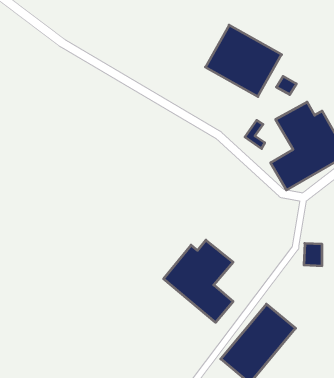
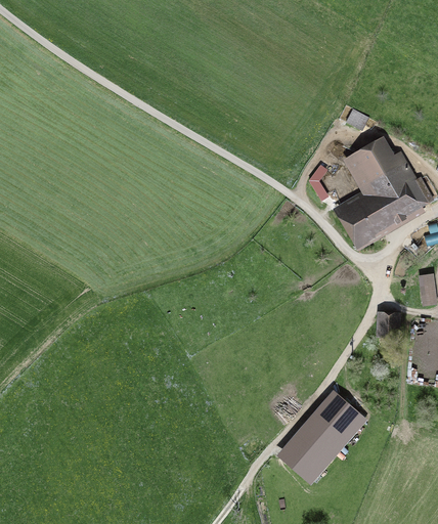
building: [205,25,282,97] -> none
building: [164,240,233,322] -> none

